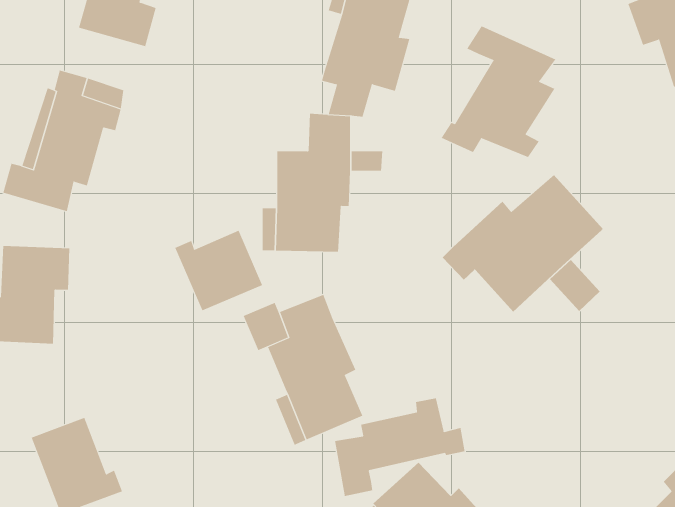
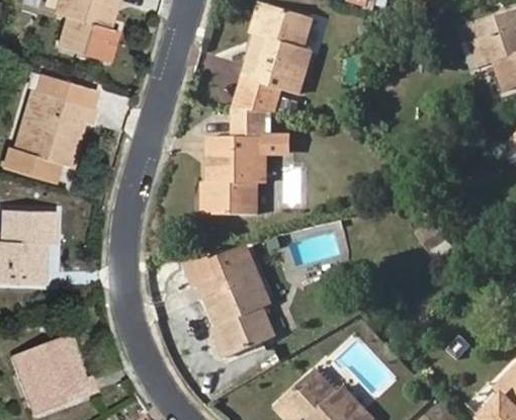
building: [441,25,556,158] -> none
building: [442,174,604,312] -> none
building: [174,230,263,311] -> none
building: [334,397,465,497] -> none

